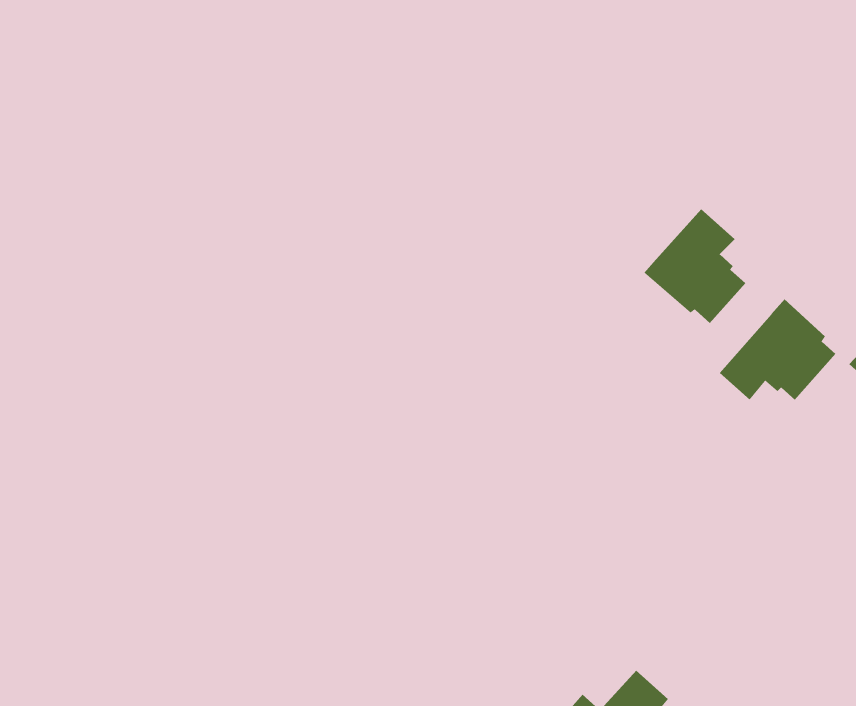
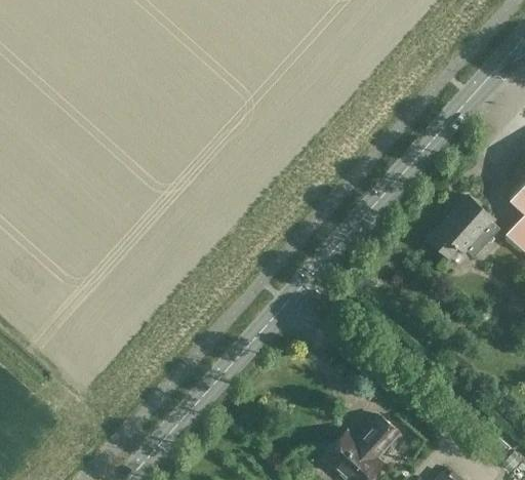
building: [643,208,746,324] -> none

